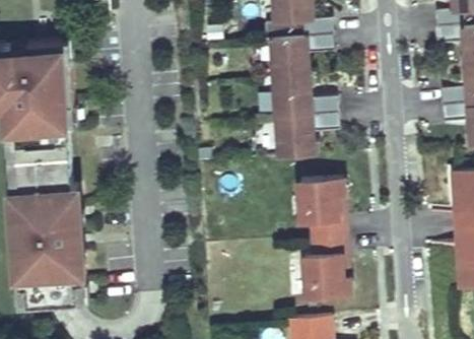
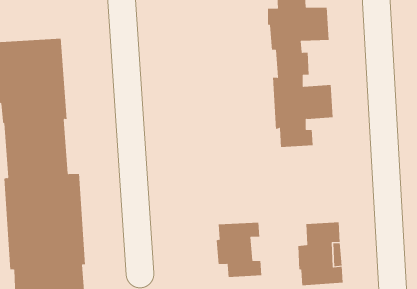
building: [298,183,345,239] -> [216,222,262,277]

